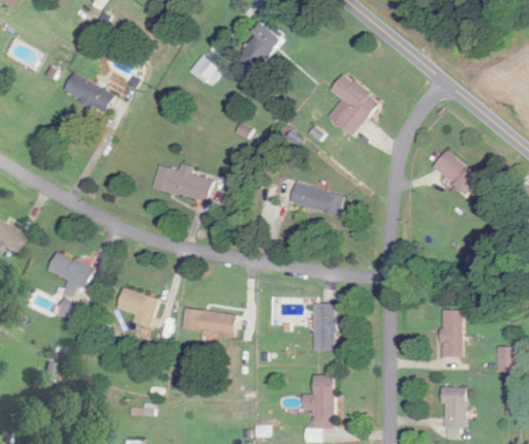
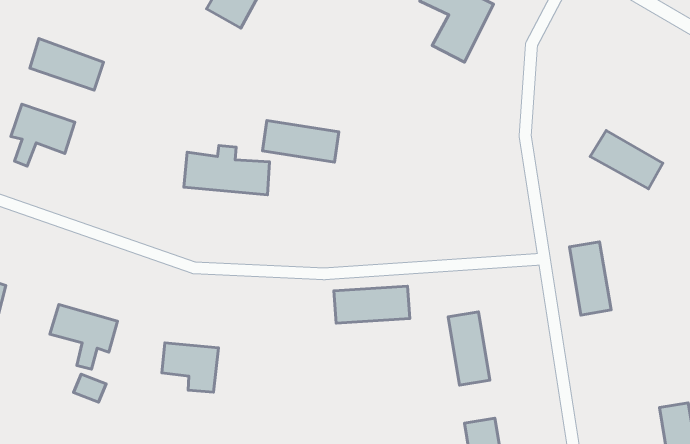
building: none -> [11,104,75,166]
building: [433,151,480,194] -> [590,131,663,189]
building: [290,181,343,216] -> [263,120,339,162]
building: [183,308,235,335] -> [334,286,410,323]
building: [441,310,462,356] -> [569,242,611,315]

